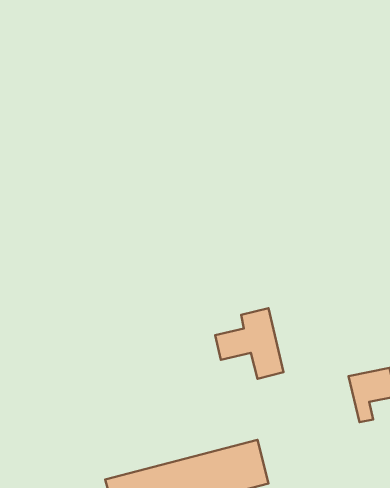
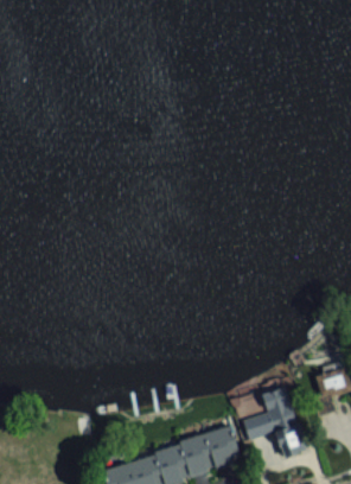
building: [215,308,283,379] -> [244,395,304,457]

